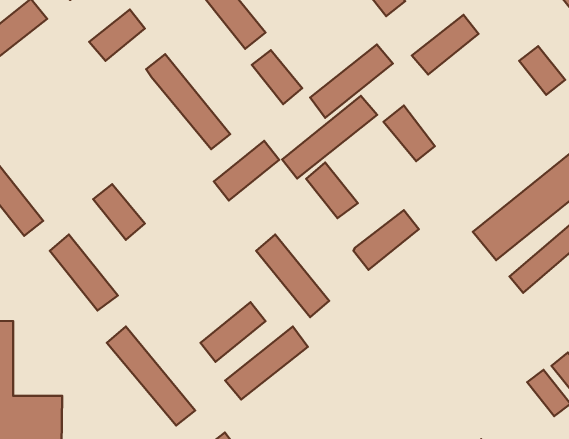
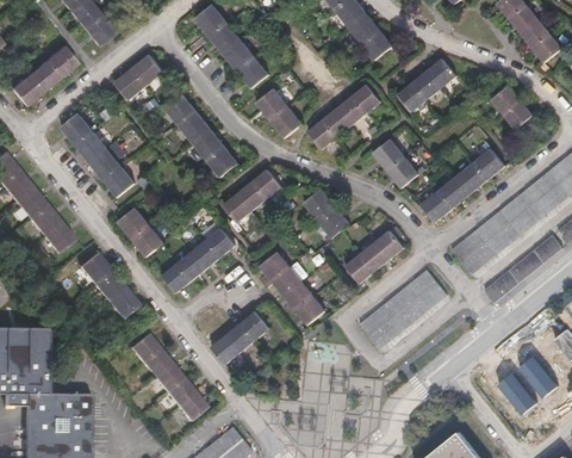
building: none -> [60,113,133,196]
building: [282,96,377,179] -> [421,149,504,222]
building: none -> [358,270,446,348]
building: [225,326,308,400] -> [161,228,234,292]

